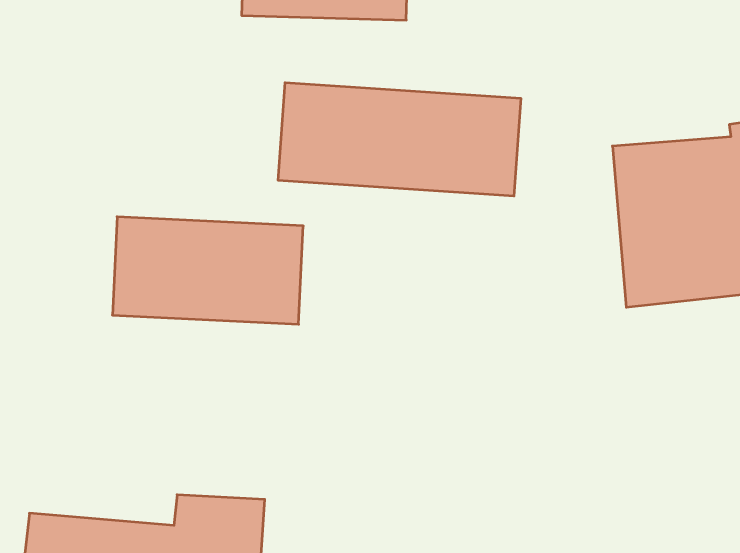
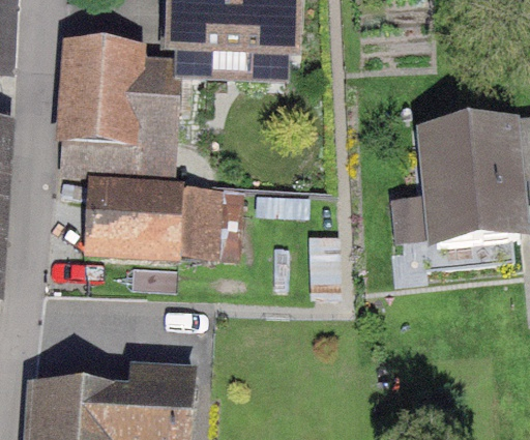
building: none -> [61,40,178,173]
building: [278,83,521,196] -> none

